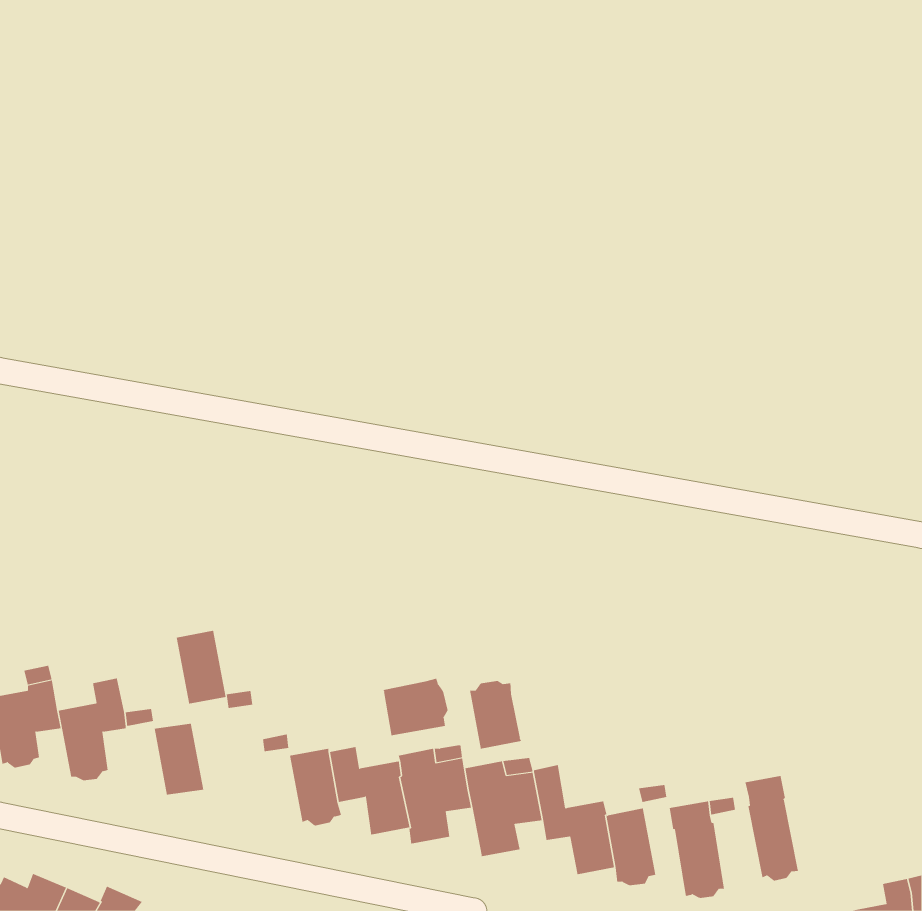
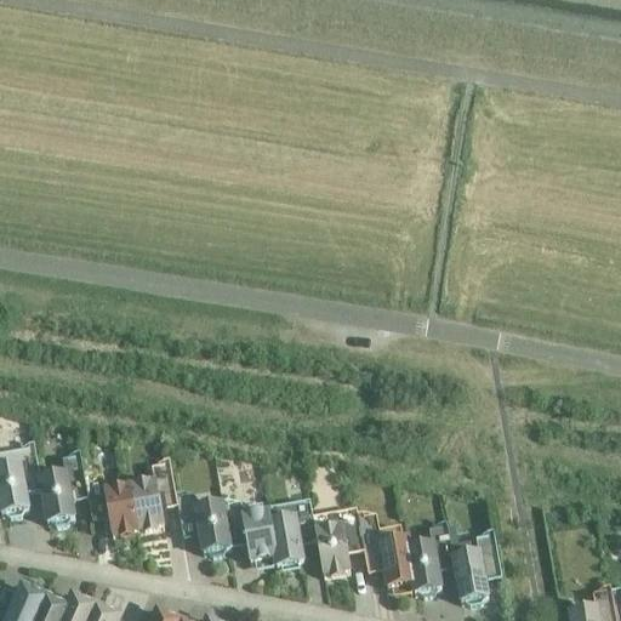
building: [176,630,226,704] -> [129,480,163,530]
building: [383,678,448,736] -> none
building: [470,680,522,749] -> none
building: [745,775,798,882] -> none

